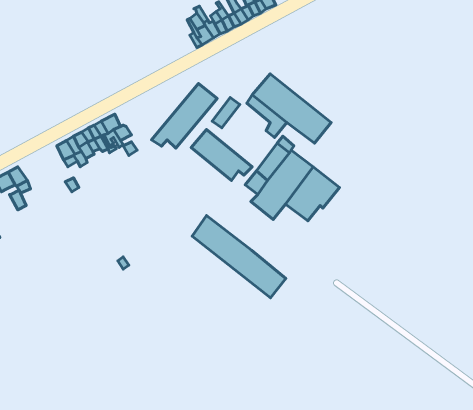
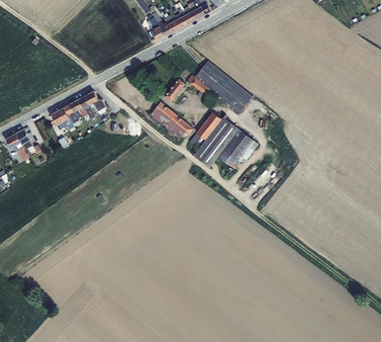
building: [151,83,217,148] -> none
building: [192,215,286,298] -> none

